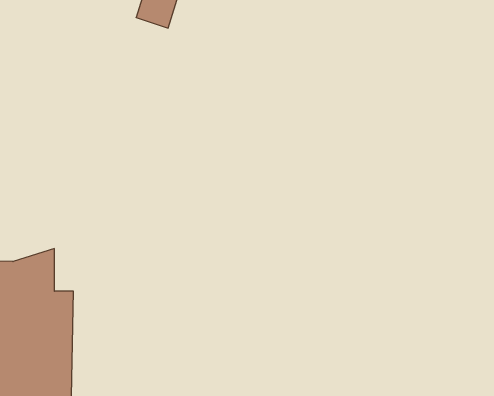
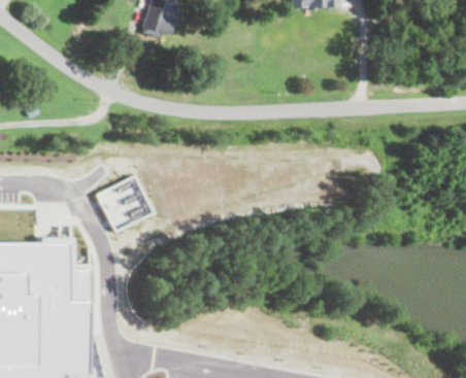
building: none -> [96,176,152,232]

